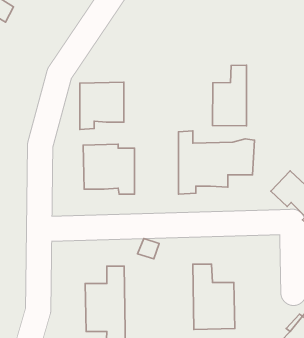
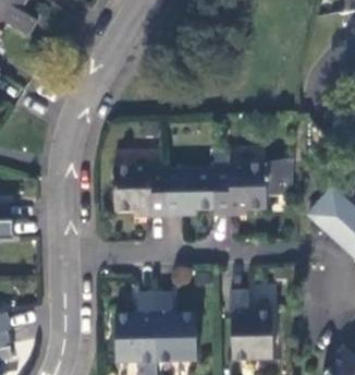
building: [213,65,247,126] -> none
building: [80,82,124,129] -> [167,168,213,218]
building: none -> [156,294,196,363]

